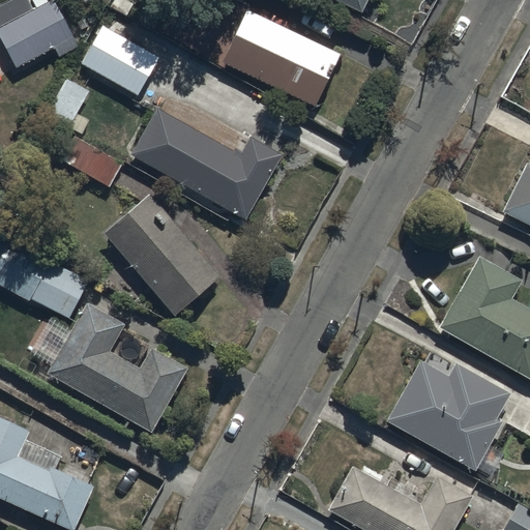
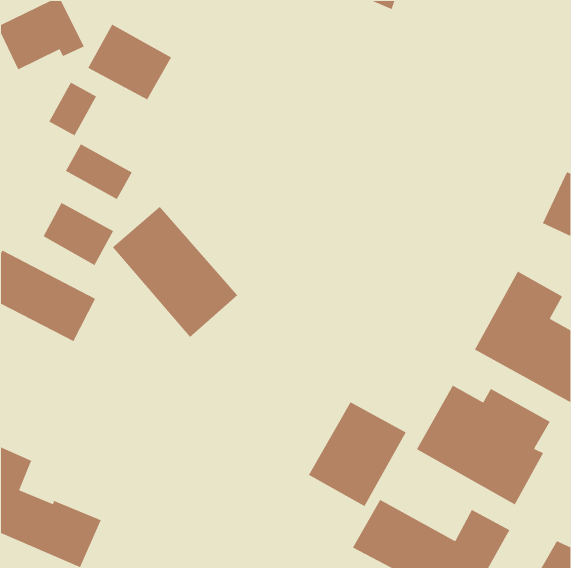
building: [223,7,341,106] -> none
building: [128,107,283,220] -> none
building: none -> [42,202,114,266]
building: [46,301,187,433] -> none
building: none -> [308,401,407,507]

